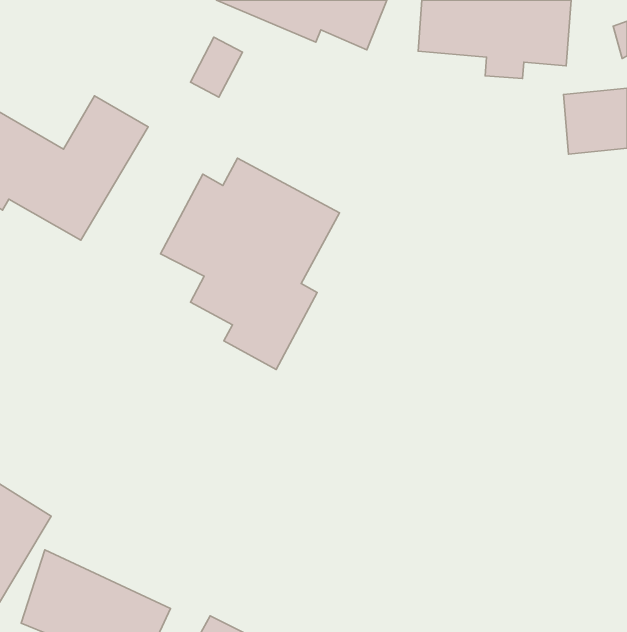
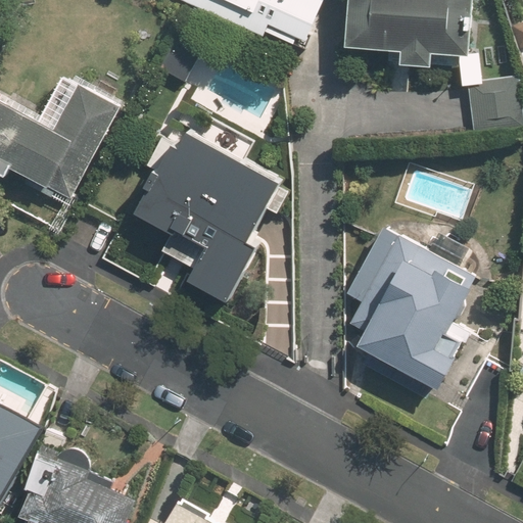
building: none -> [344,221,480,389]

